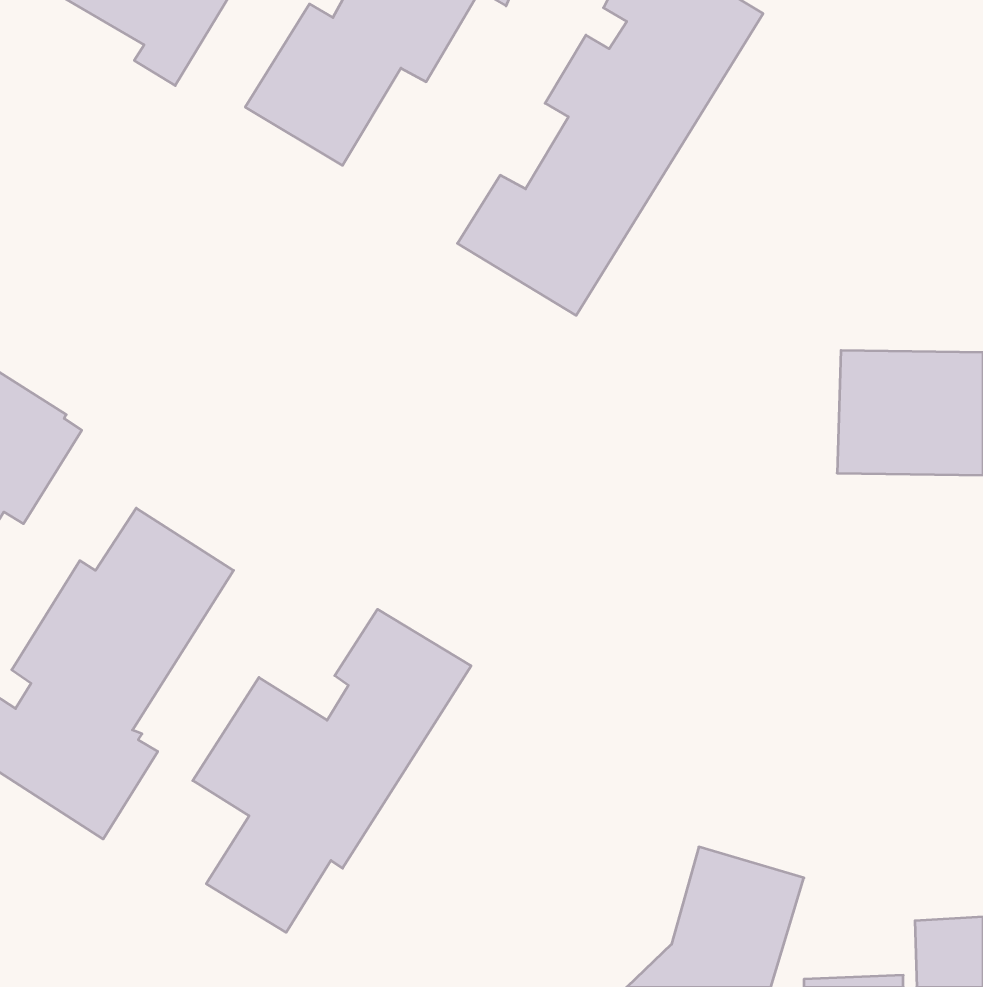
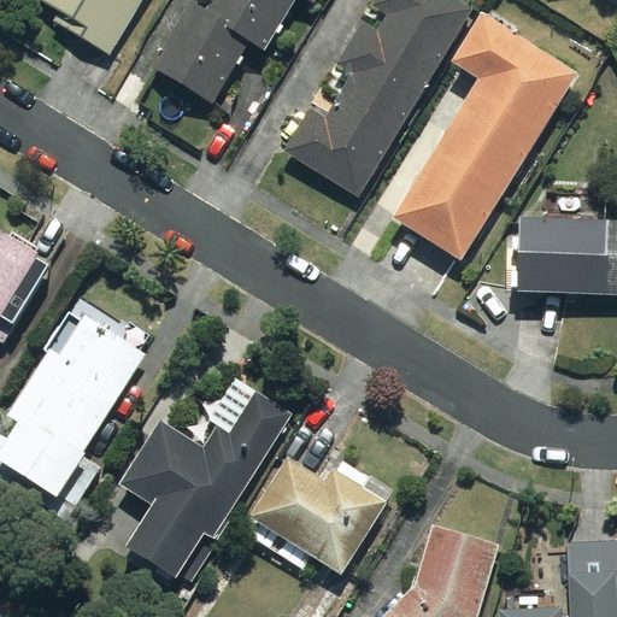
building: none -> [394,13,578,260]
building: none -> [251,457,394,574]

